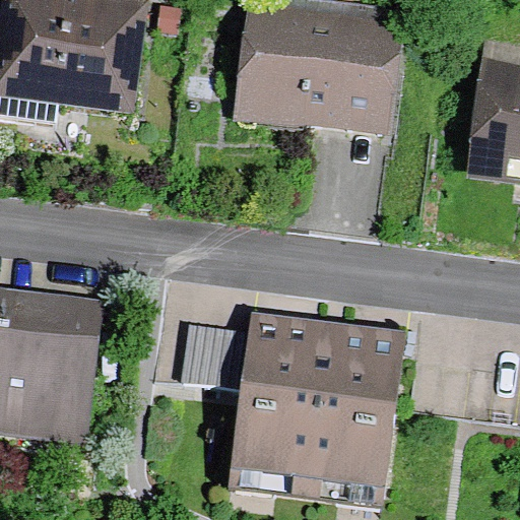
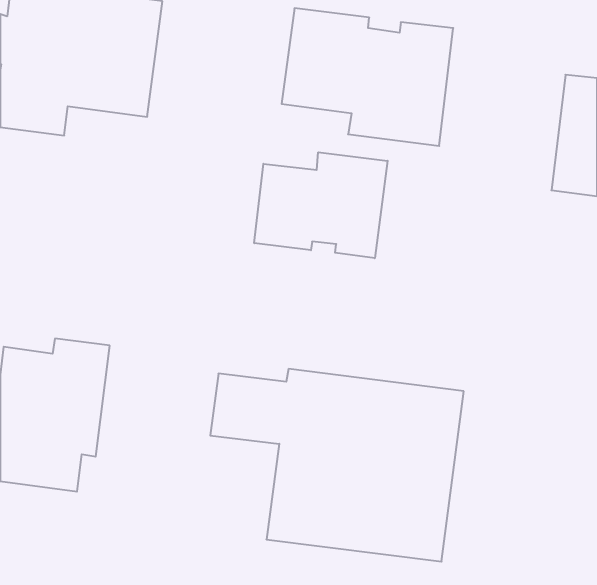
building: none -> [254,152,388,258]

